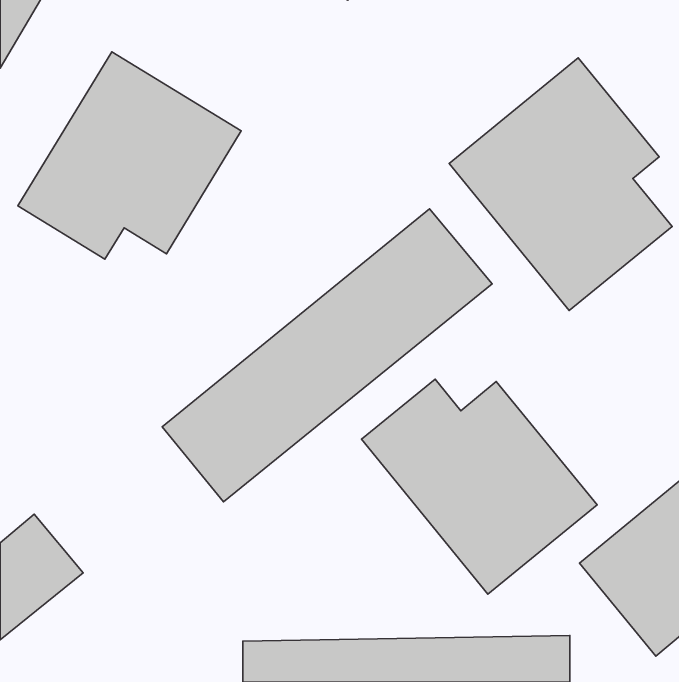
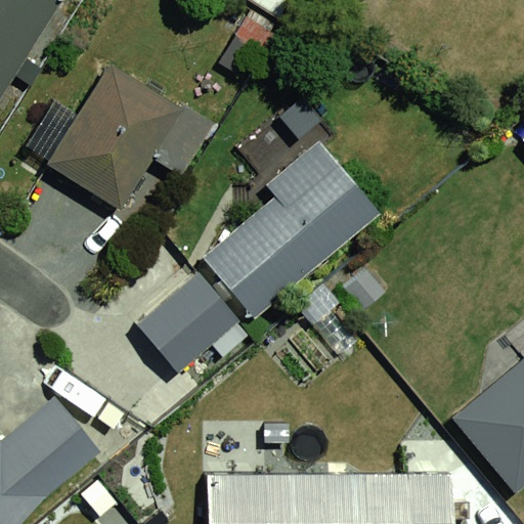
building: [449,58,672,311] -> none
building: [362,379,597,594] -> none

